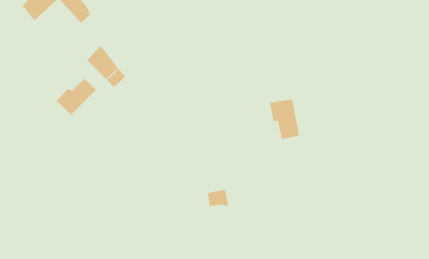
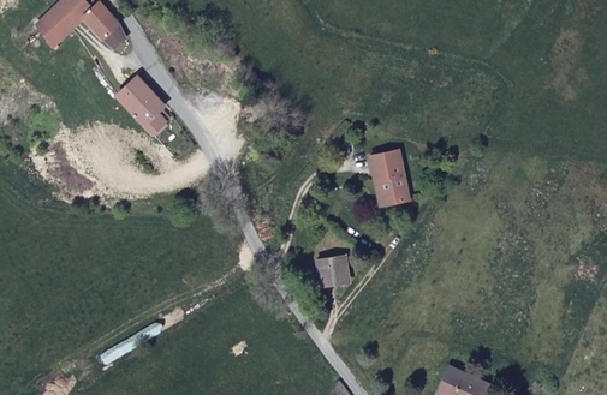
building: [56,78,97,115] -> none
building: [207,189,229,207] -> [325,257,353,280]

